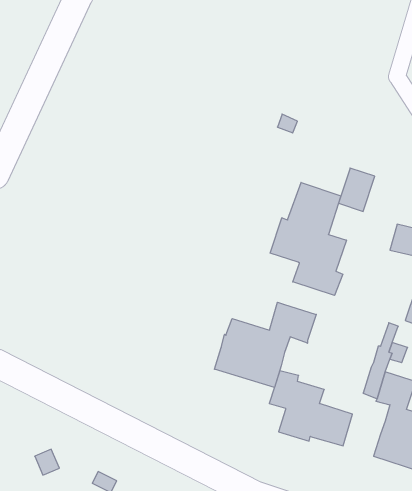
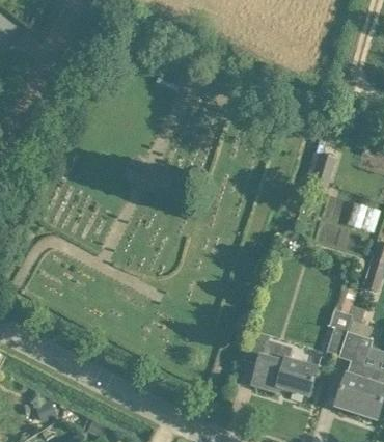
building: [270,182,346,295] -> none
building: [214,302,316,387] -> none

